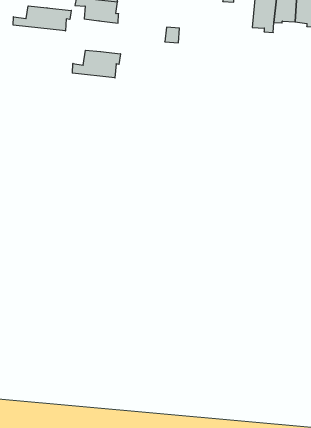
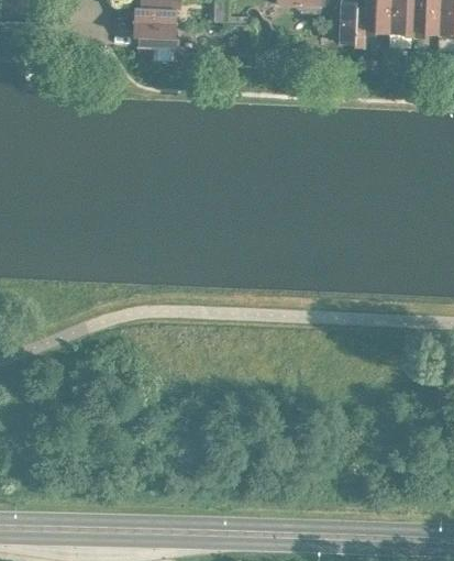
building: [13,6,71,31] -> none
building: [72,50,120,78] -> none

